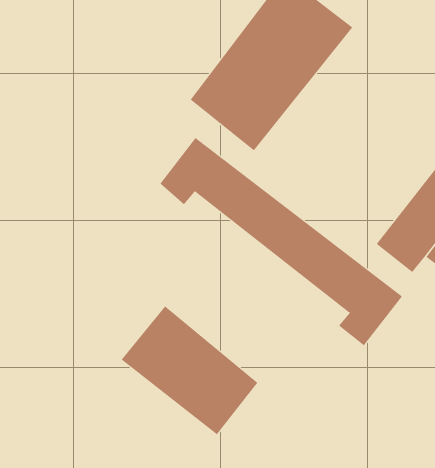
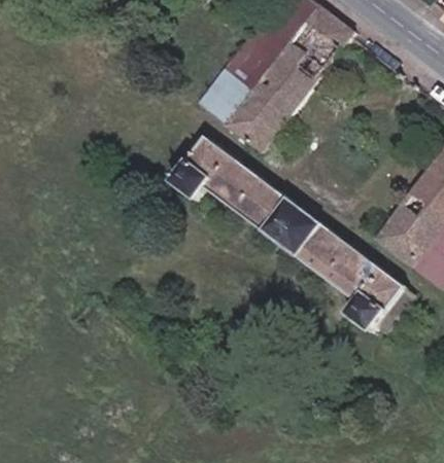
building: [121,305,258,435] -> none

